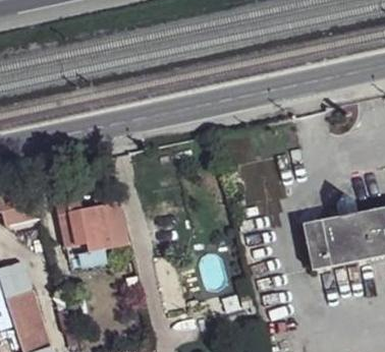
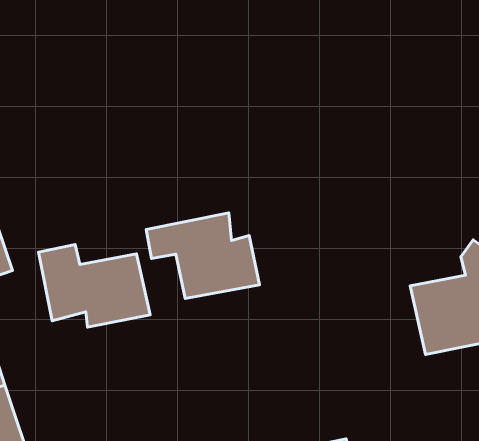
building: none -> [146,213,260,298]

